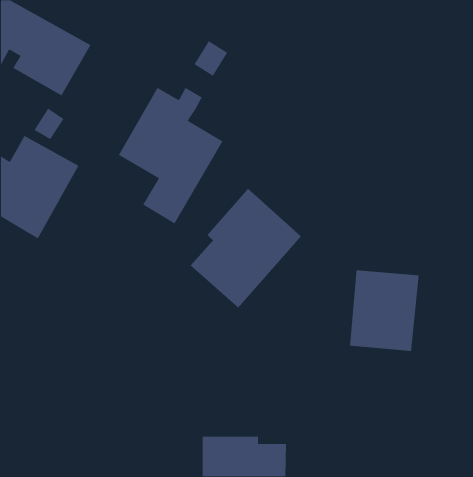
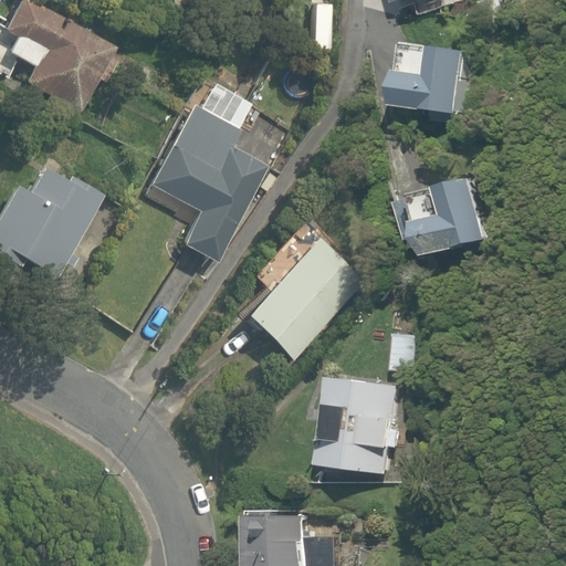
building: none -> [389,40,474,114]
building: none -> [407,178,485,259]
building: [349,269,419,352] -> [321,377,403,474]

